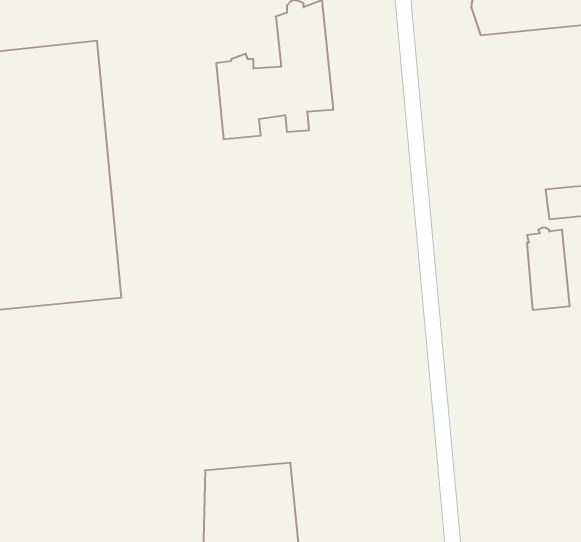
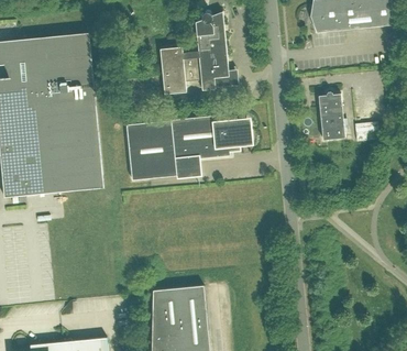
building: none -> [125,114,250,179]
building: [527,228,570,310] -> [319,91,344,140]

